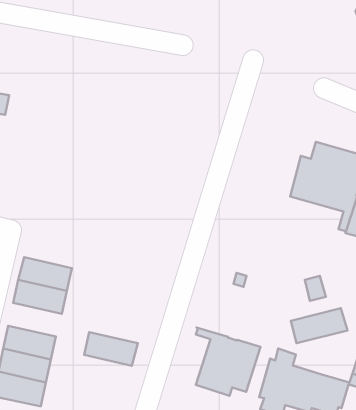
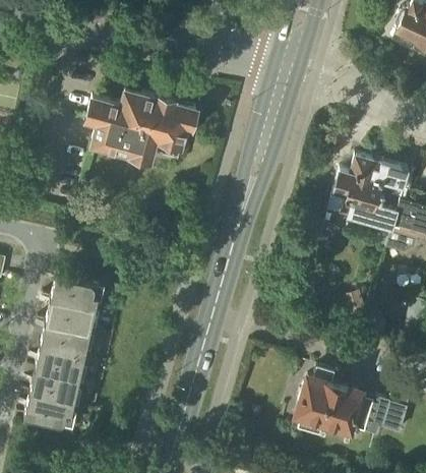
building: none -> [86,92,197,162]
building: [291,308,347,343] -> none
building: [196,328,260,396] -> none
building: [84,332,138,366] -> [40,321,95,356]

